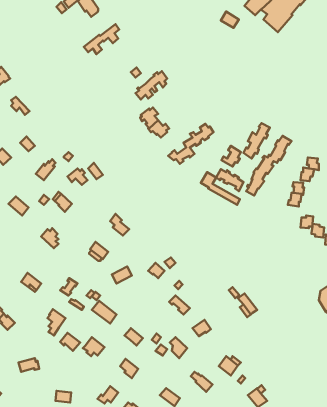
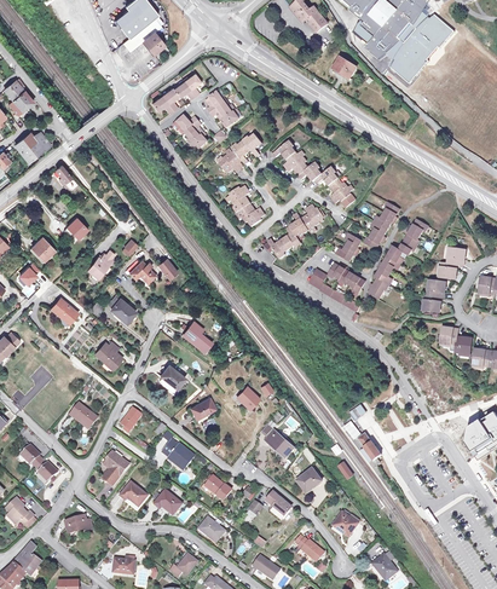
building: none -> [204,89,239,126]
building: none -> [173,114,207,150]
building: none -> [276,139,354,208]

